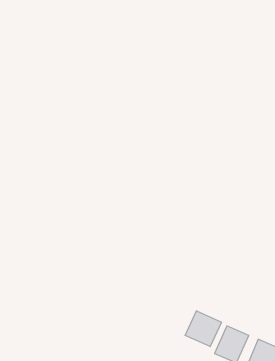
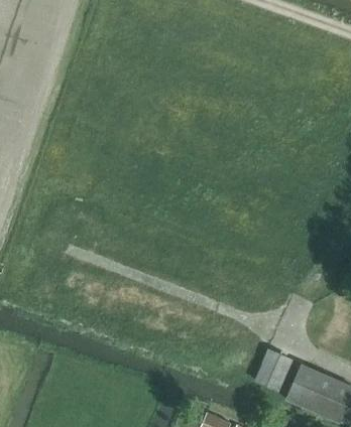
building: [185,311,221,347] -> none

